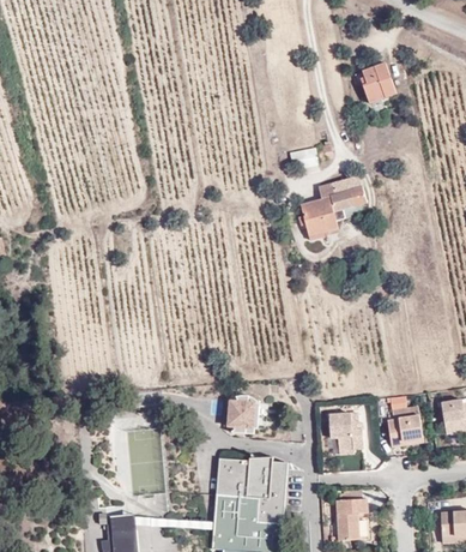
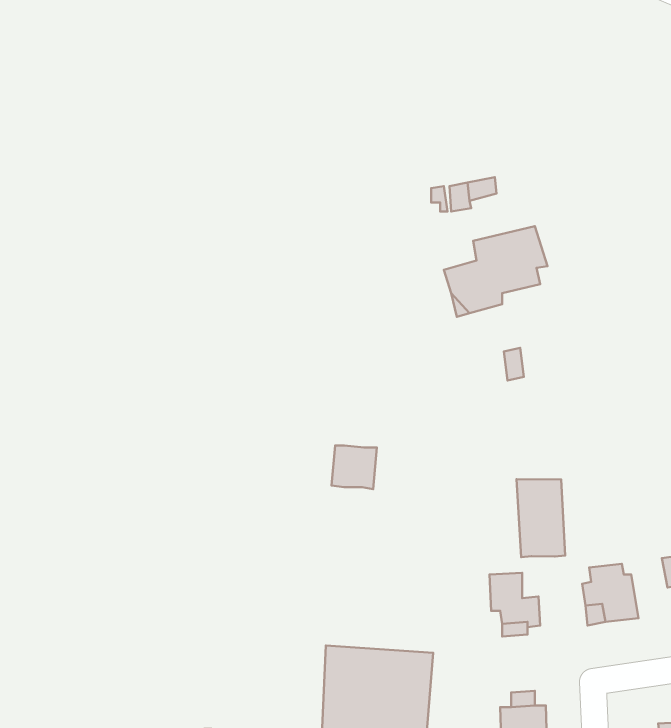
building: [361,66,394,108] -> none
building: none -> [517,479,565,557]
building: [229,396,259,425] -> [331,446,377,489]

